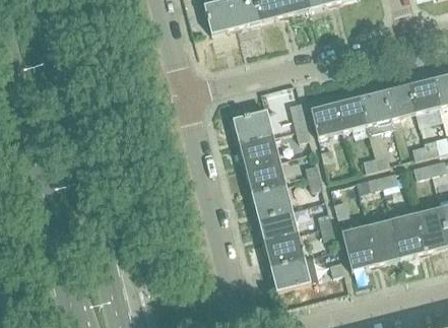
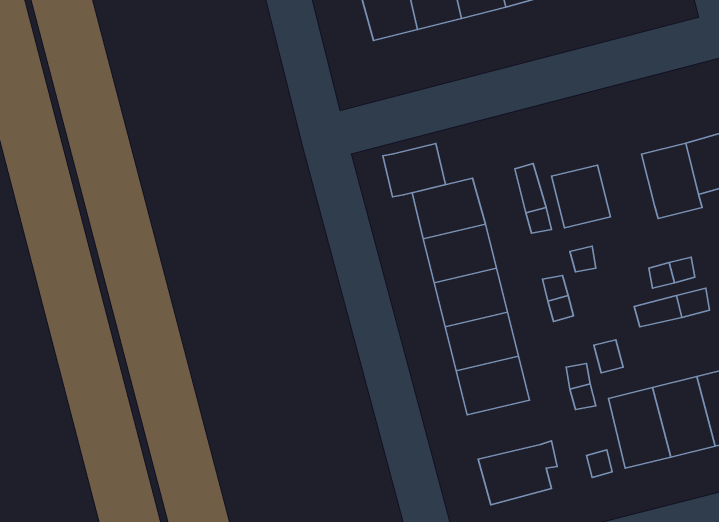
building: none -> [383,144,446,197]
building: [336,96,368,131] -> none
building: [264,233,305,265] -> none

